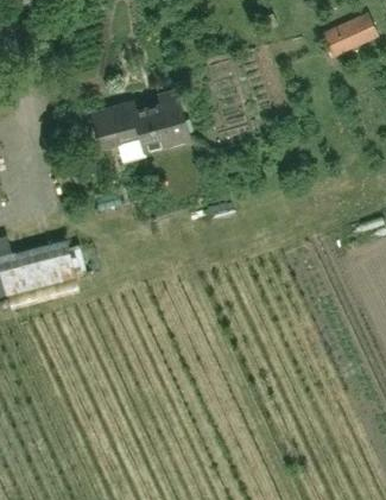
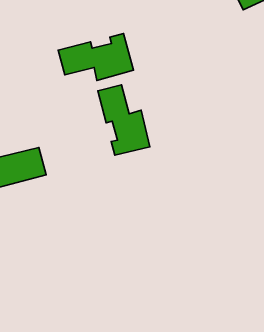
building: none -> [98,85,150,155]

